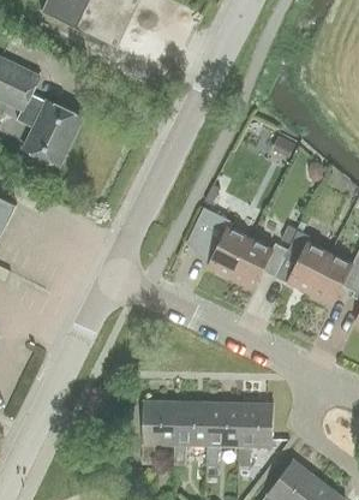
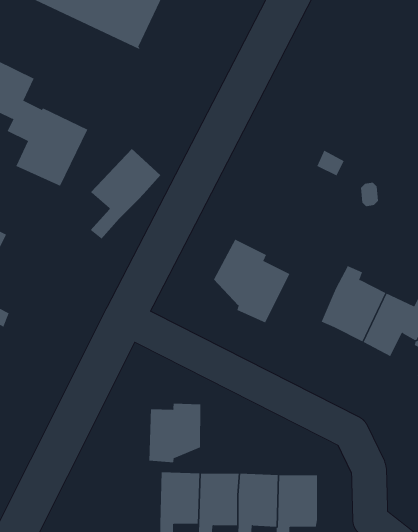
building: none -> [90,148,161,239]
building: [229,225,297,290] -> none
building: none -> [149,403,201,463]

